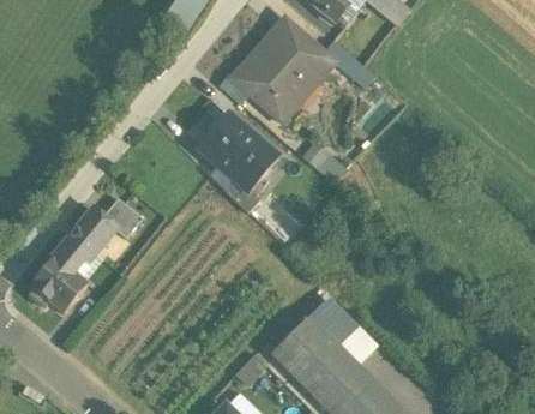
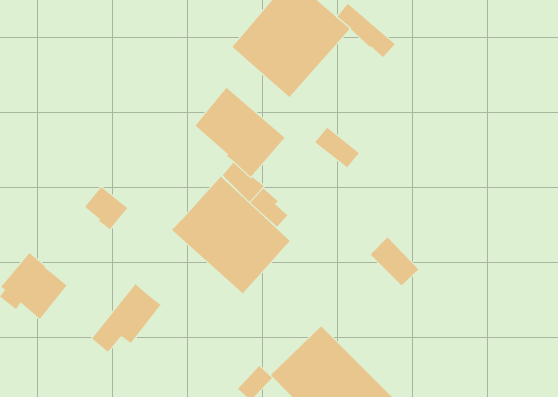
building: none -> [172,176,291,294]
building: [55,206,116,268] -> [91,283,161,353]
building: [309,302,353,346] -> [370,237,419,286]

